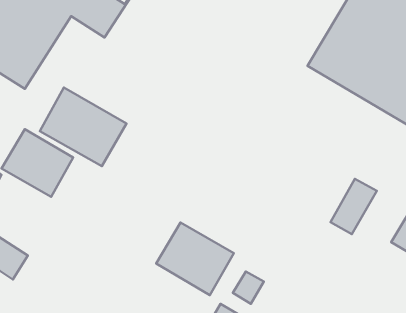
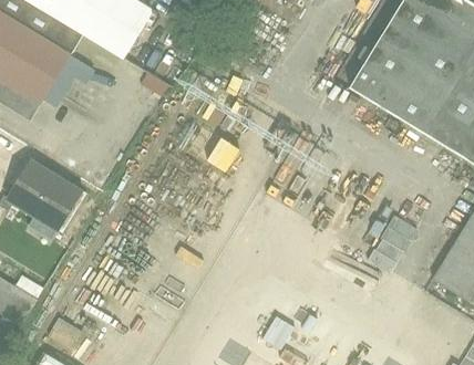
building: [40,87,127,166] -> none
building: [156,223,234,295] -> none

